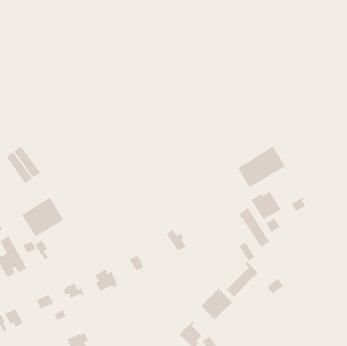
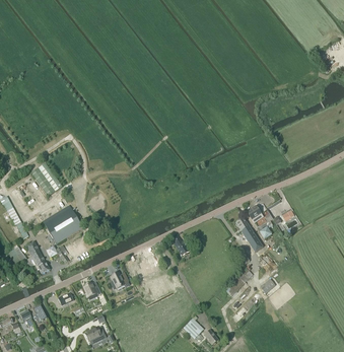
building: [238,146,286,188] -> none
building: [200,288,233,320] -> none

